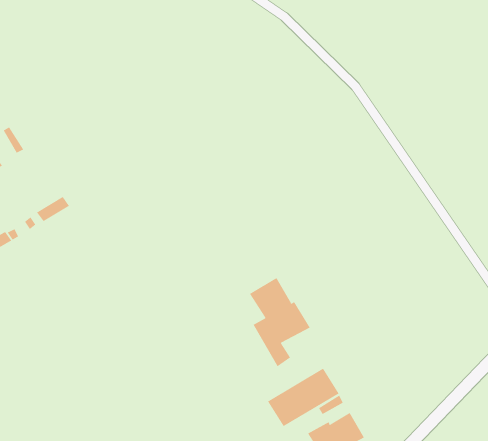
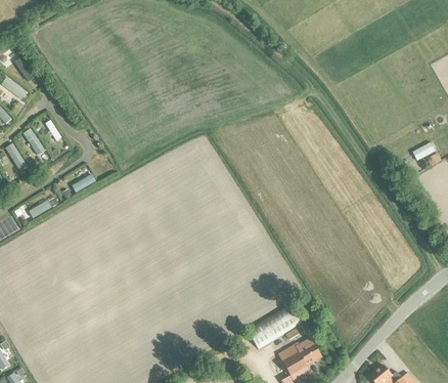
building: [249,277,310,367] -> none

